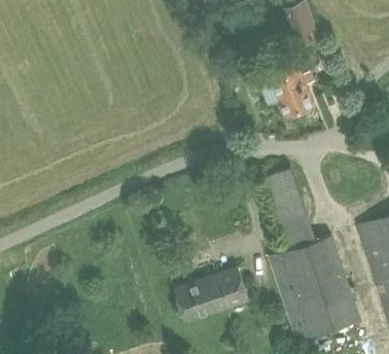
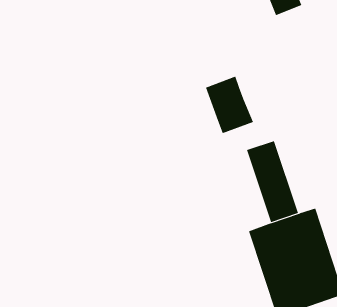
building: [268,64,315,120] -> [205,76,254,134]
building: [172,268,249,324] -> none

